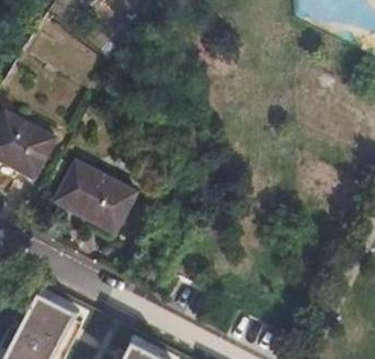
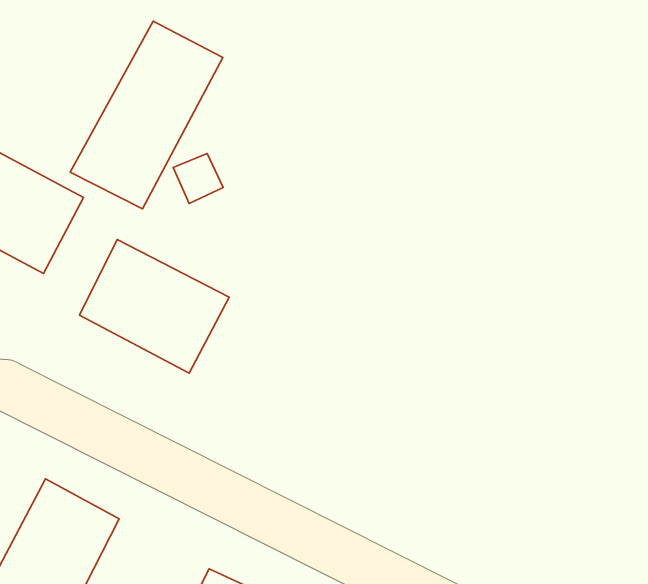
building: none -> [70,21,223,209]

